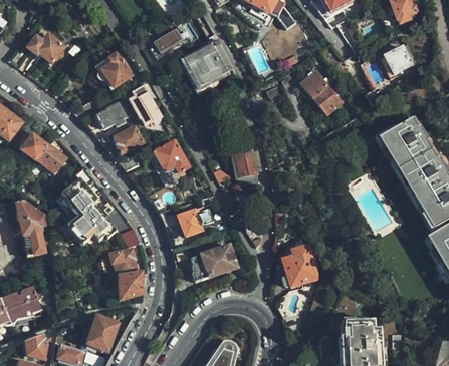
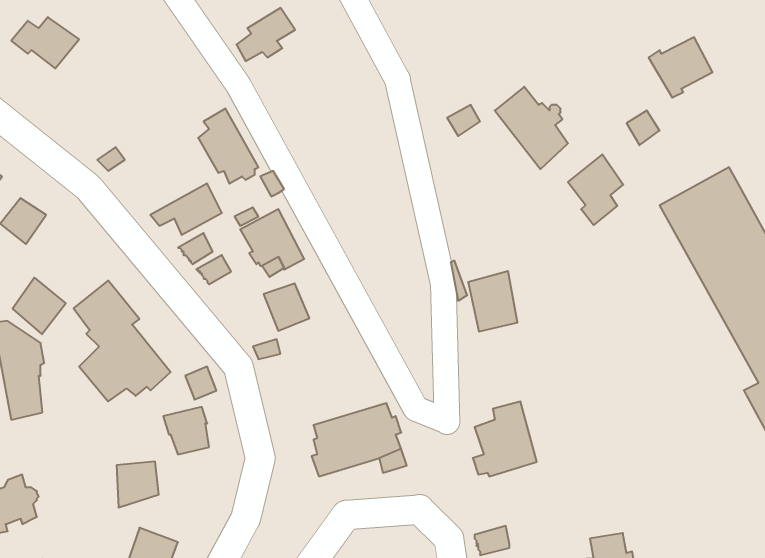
building: [186,40,233,87] -> none
building: [95,52,133,89] -> none
building: [96,100,130,129] -> none
building: none -> [568,154,623,225]
building: [37,143,66,174] -> [13,278,66,334]
building: [230,144,257,177] -> [468,271,517,332]
building: [177,210,202,236] -> [264,283,309,331]
building: [120,274,143,299] -> [117,462,159,507]

